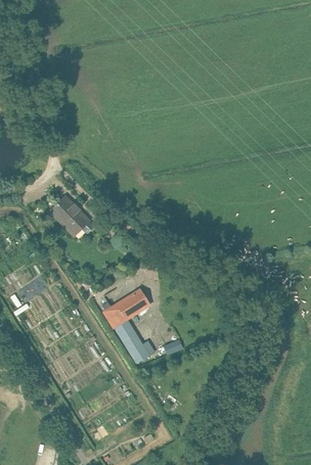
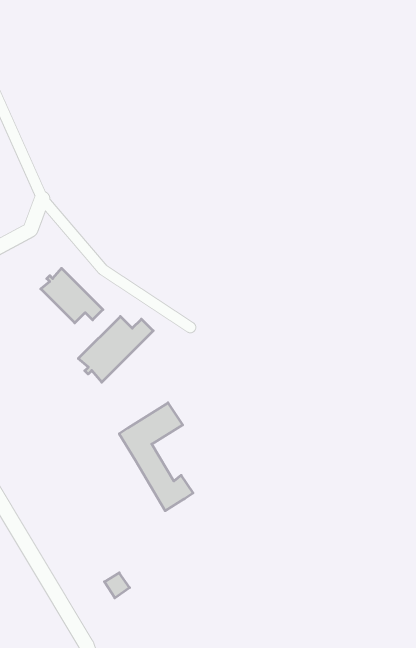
building: none -> [78,316,153,382]

